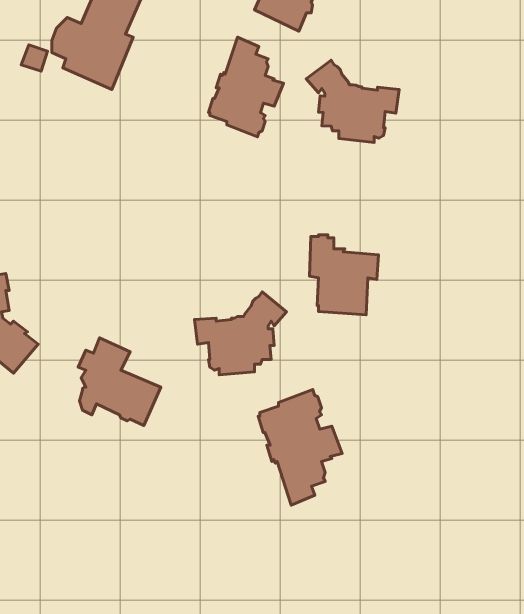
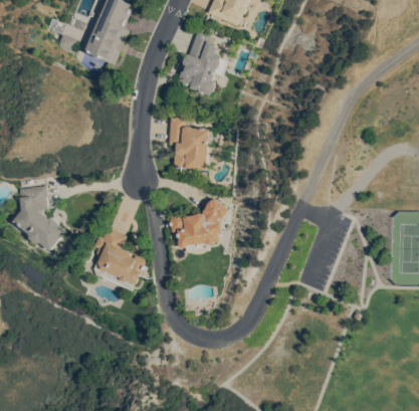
building: [306,60,399,143] -> none
building: [309,235,378,315] -> [169,117,214,169]
building: [258,390,342,505] -> none

